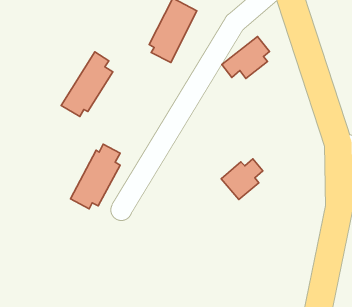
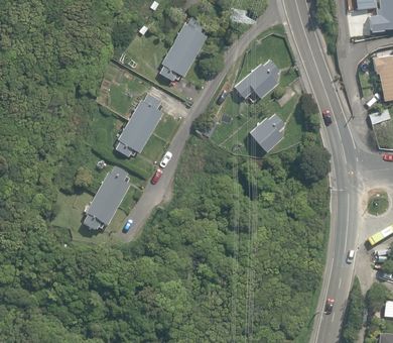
building: [61,52,113,117] -> [115,94,167,159]
building: [221,159,263,200] -> [247,112,289,153]

